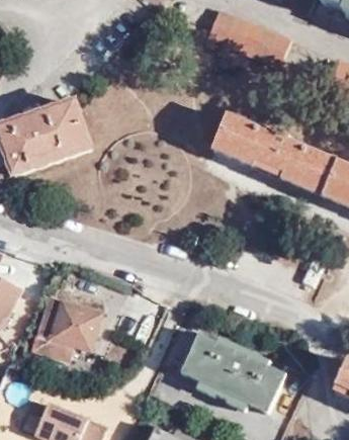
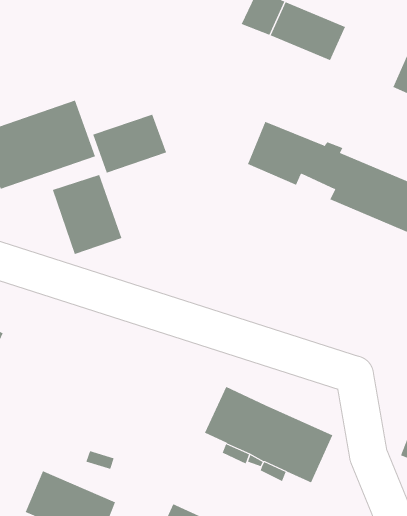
building: none -> [92,114,167,173]
building: none -> [52,174,122,255]
building: [31,295,101,357] -> none

